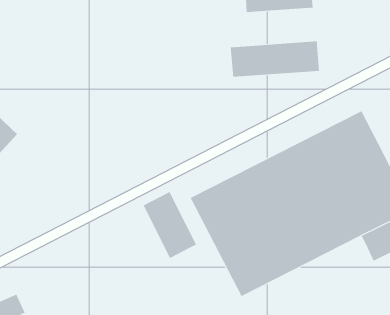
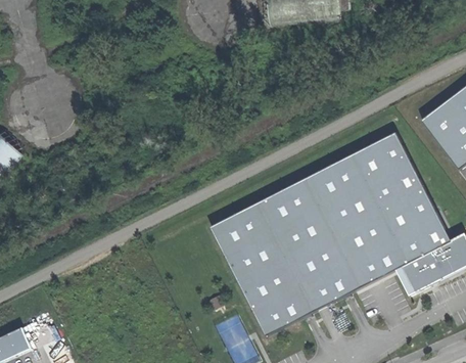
building: [230,41,320,78] -> none
building: [143,191,197,259] -> none

